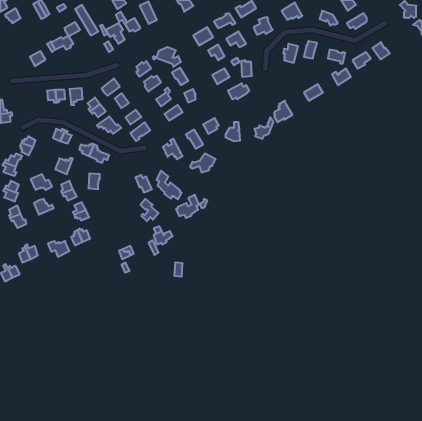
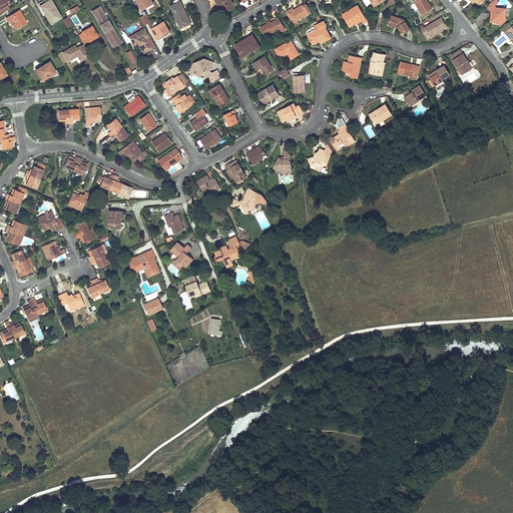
building: [157,171,182,199] -> none
building: none -> [128,251,157,278]

